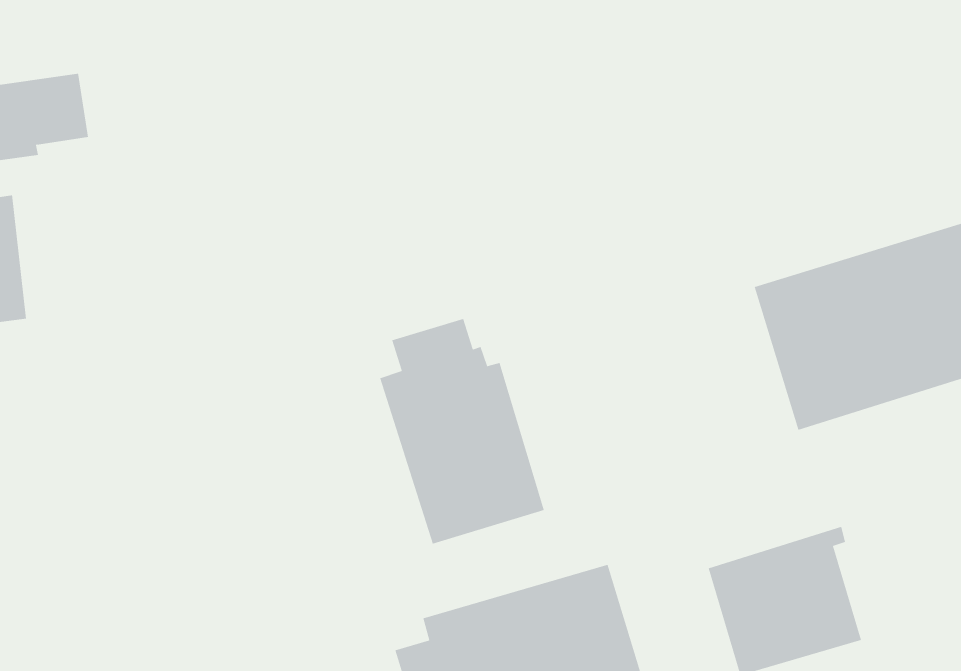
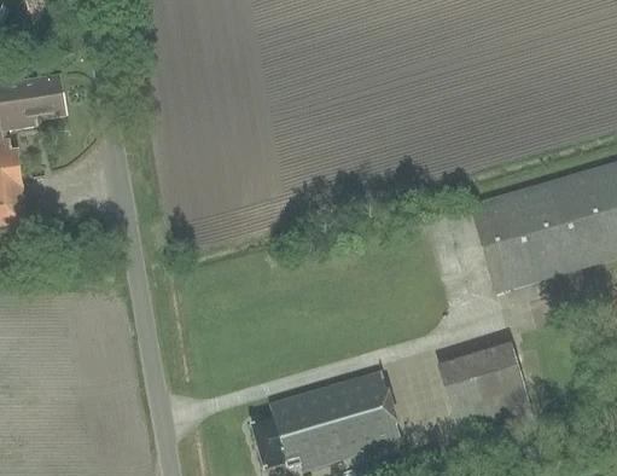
building: [379,318,545,544] -> none

